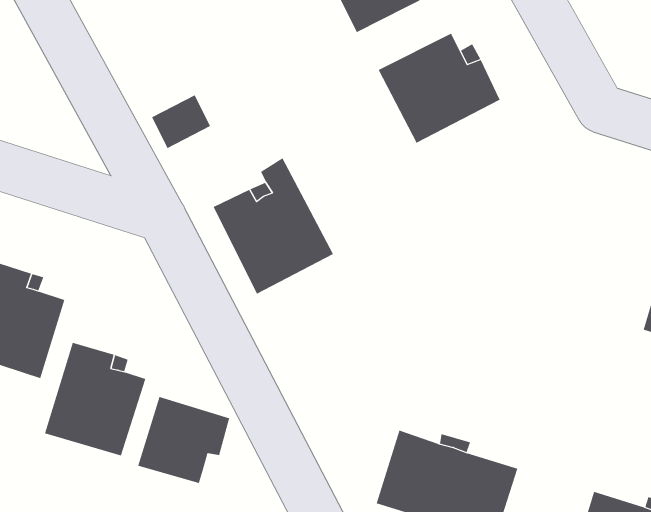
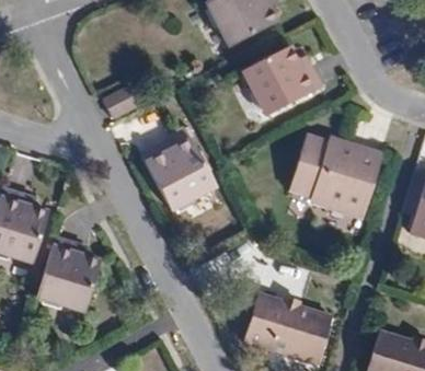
building: none -> [289,137,382,218]
building: [138,396,230,484] -> none

